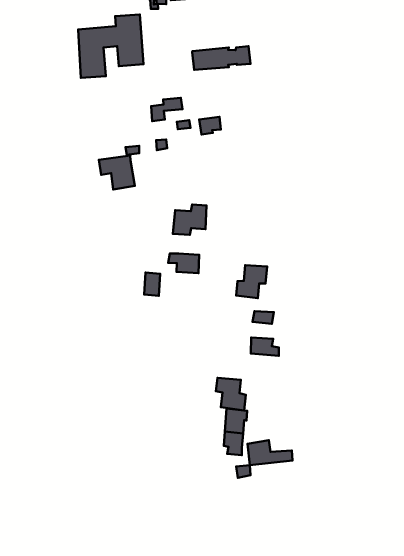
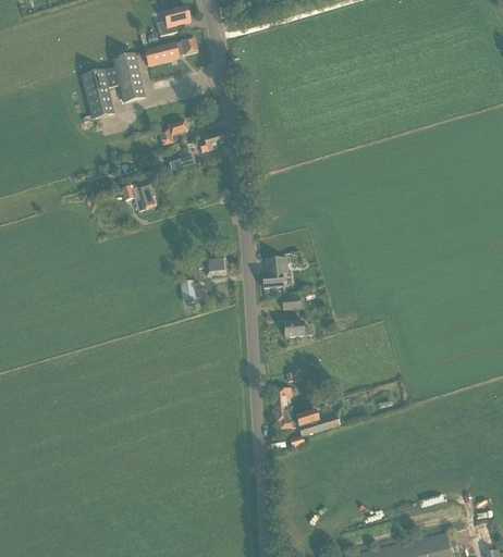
building: [192,46,251,70] -> [145,37,198,66]
building: [173,204,207,235] -> none
building: [216,378,246,410] -> none

